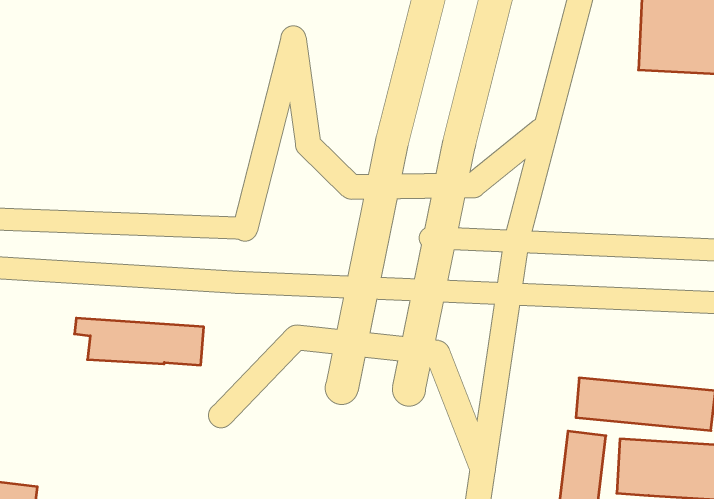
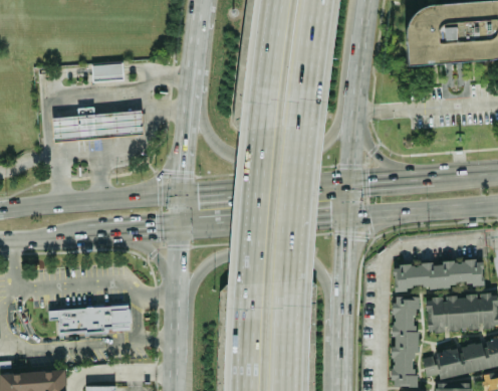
building: none -> [92,63,125,81]
building: none -> [53,112,144,140]
building: [74,318,204,365] -> [49,306,131,335]

